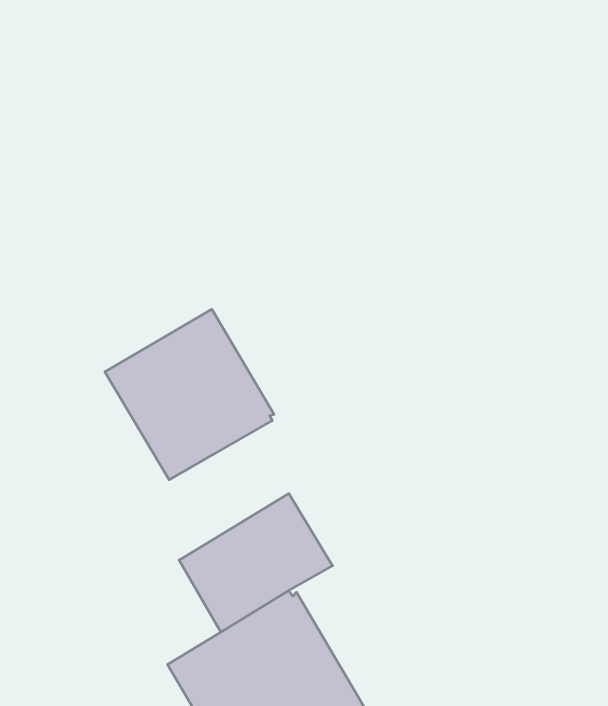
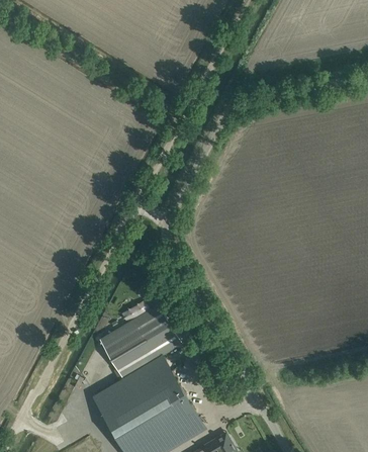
building: [105,309,274,480] -> none

